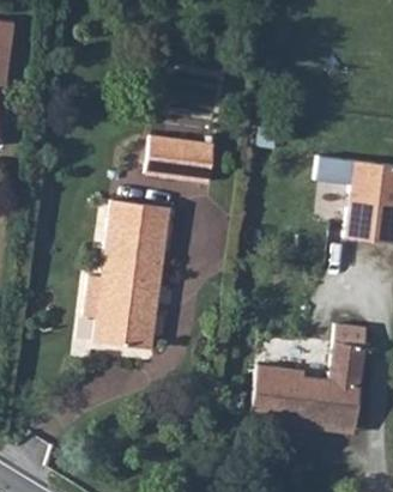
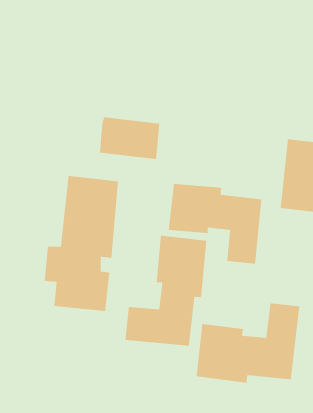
building: none -> [168,183,262,265]
building: none -> [125,235,207,346]

